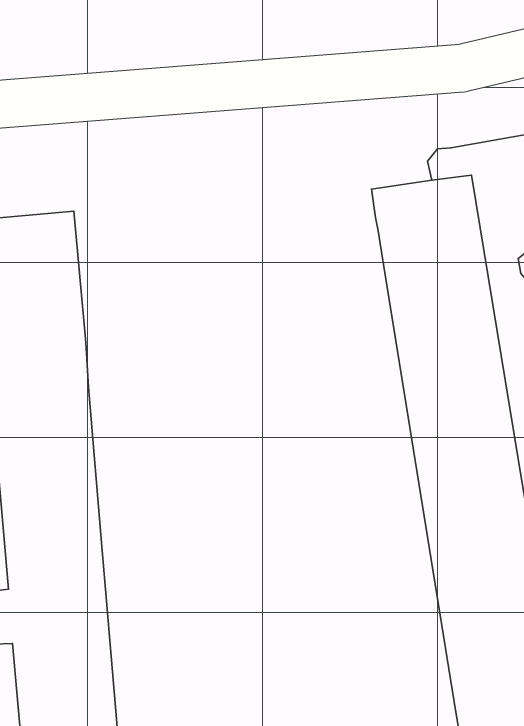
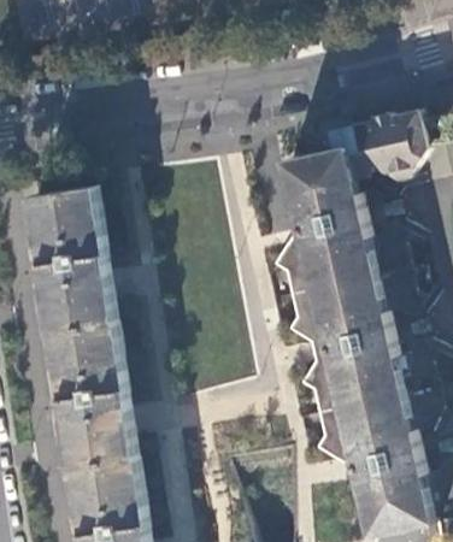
building: none -> [269,208,365,489]

